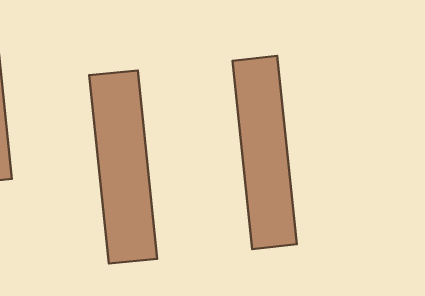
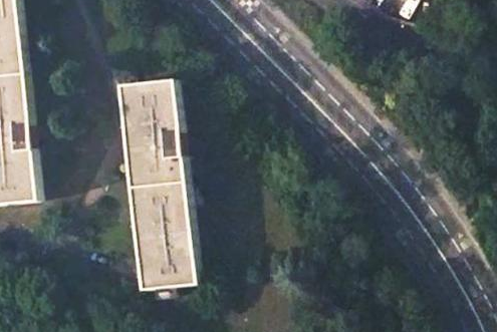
building: [232,56,297,249] -> none

